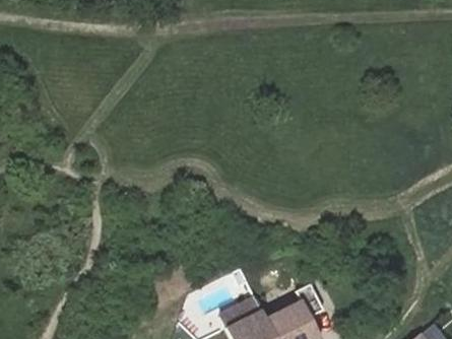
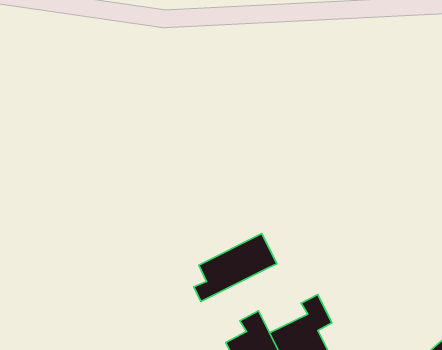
building: none -> [194,234,277,302]

